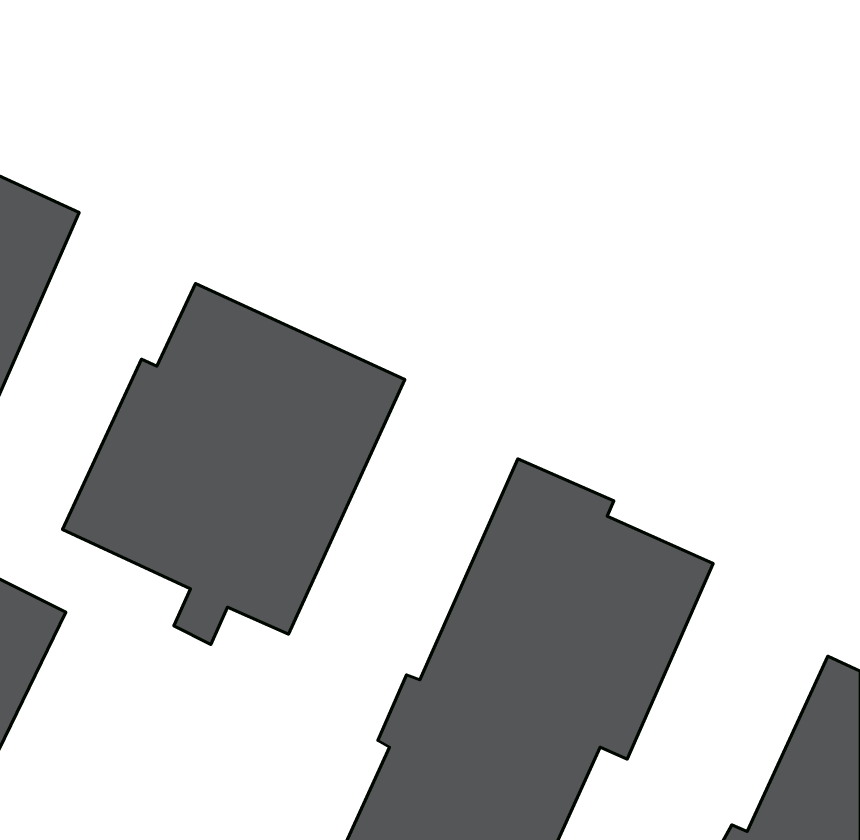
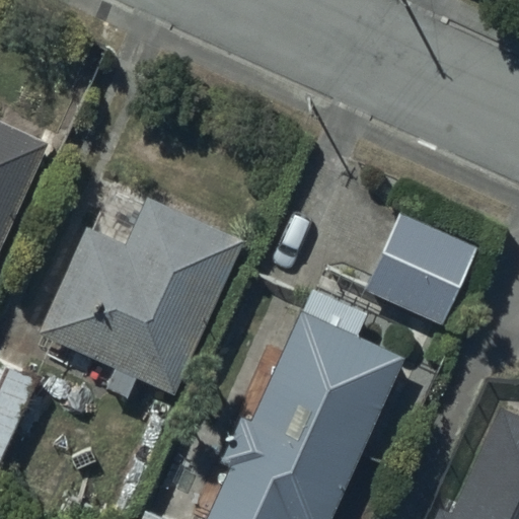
building: none -> [363,213,477,325]

